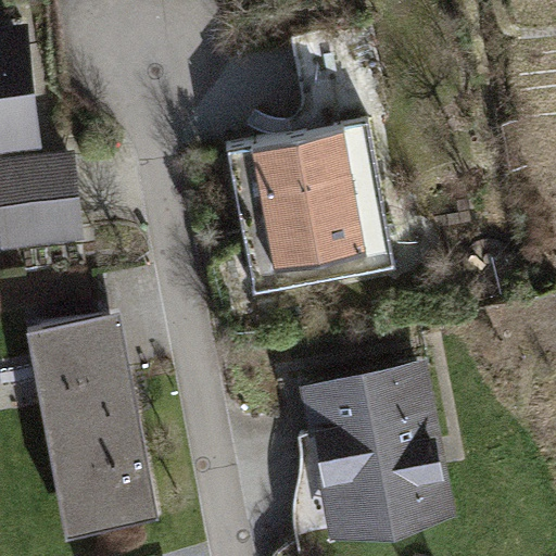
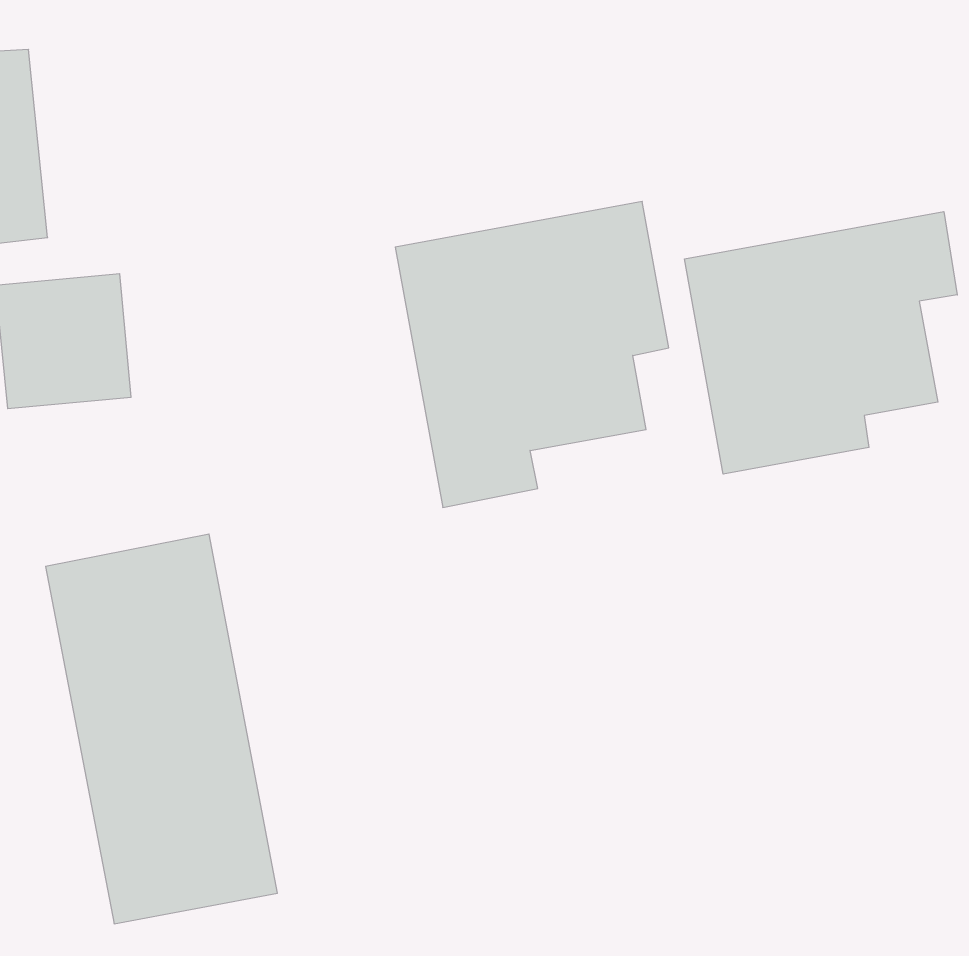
building: none -> [685,212,957,474]
building: [311,372,445,543] -> none

